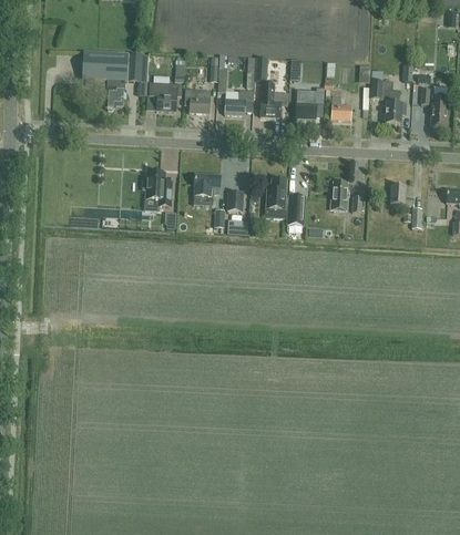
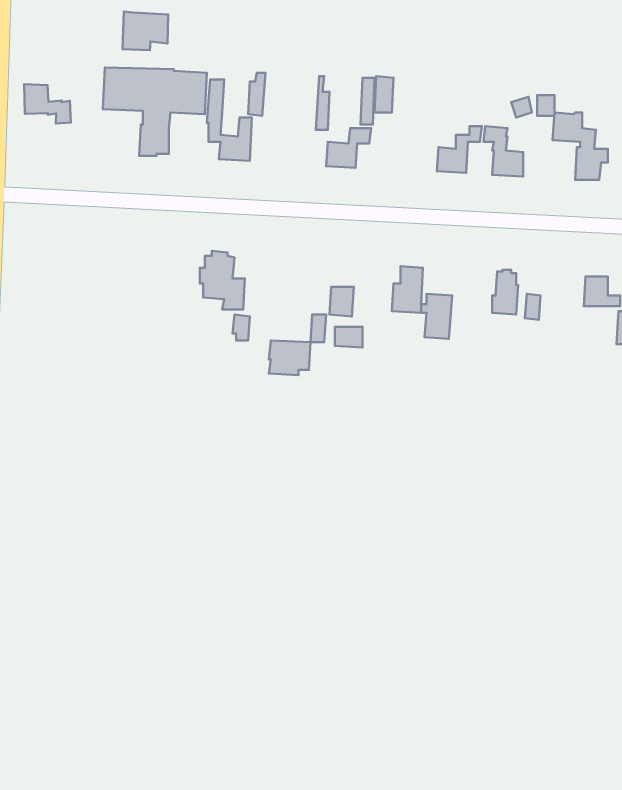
building: none -> [122,11,168,50]
building: none -> [24,84,71,124]
building: [260,83,282,116] -> none
building: [184,89,211,113] -> none
building: [194,174,221,196] -> [269,341,310,375]

